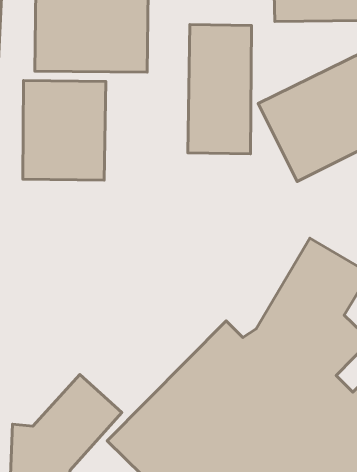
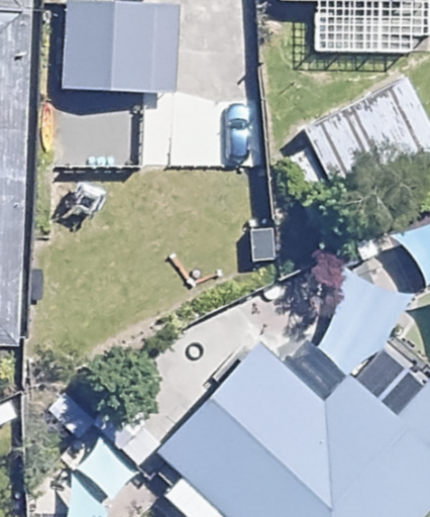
building: [188,25,251,154] -> none
building: [23,80,106,180] -> none

